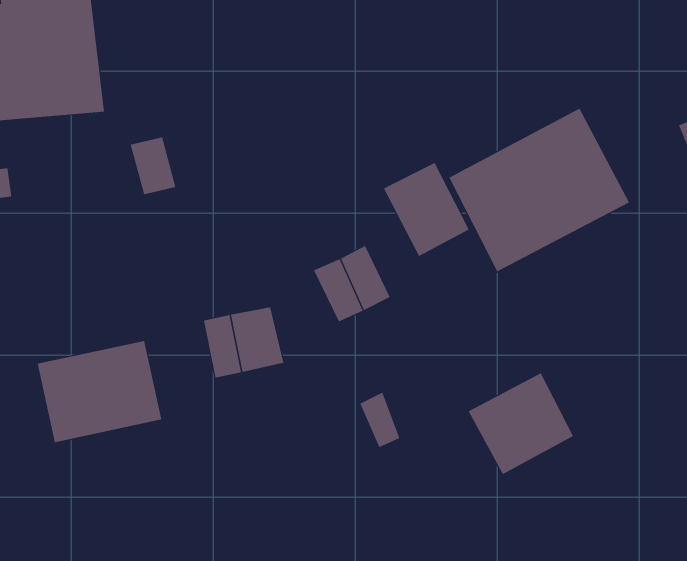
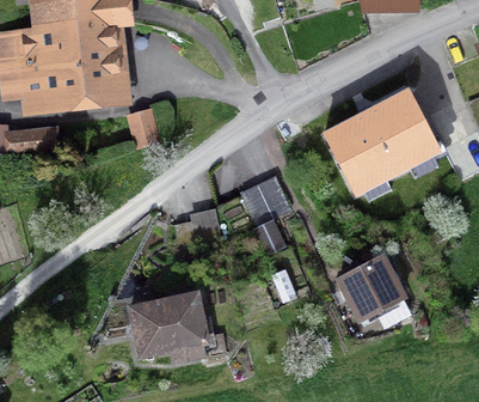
building: [383,162,469,257] -> none
building: [37,340,162,443] -> [130,293,208,357]

